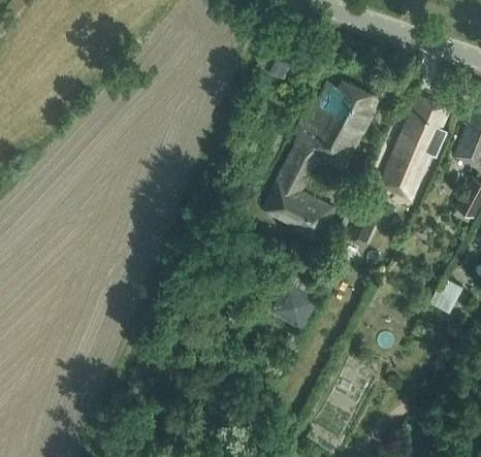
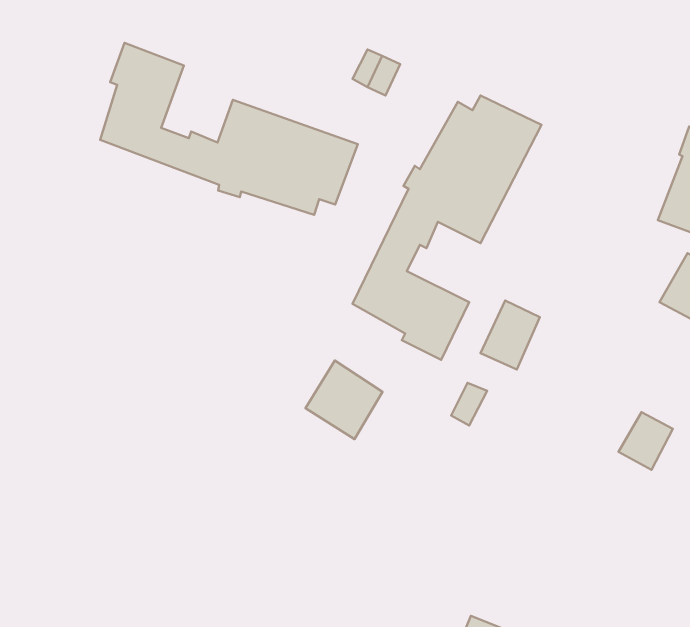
building: none -> [100,43,358,215]
building: [379,98,447,201] -> none
building: [269,284,318,333] -> [305,360,383,439]

